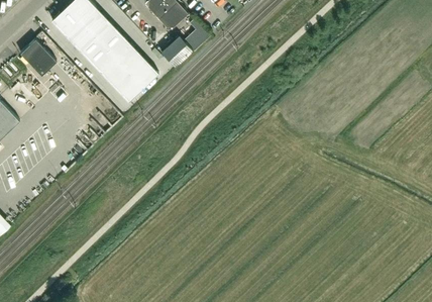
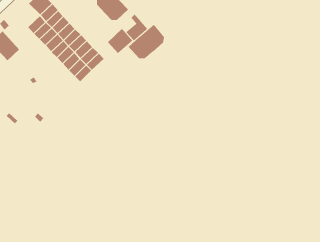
building: [51,6,81,34] -> none
building: none -> [128,24,164,59]

